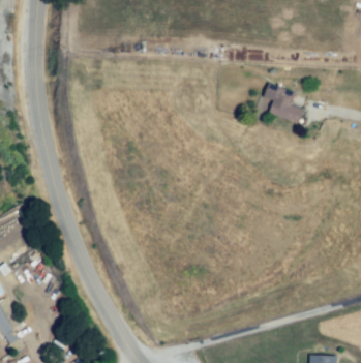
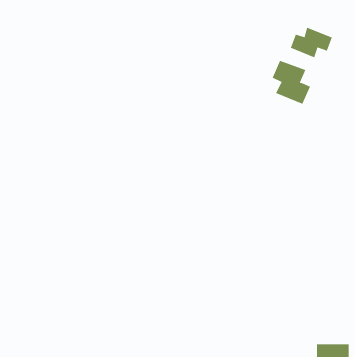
building: none -> [290,27,332,58]

